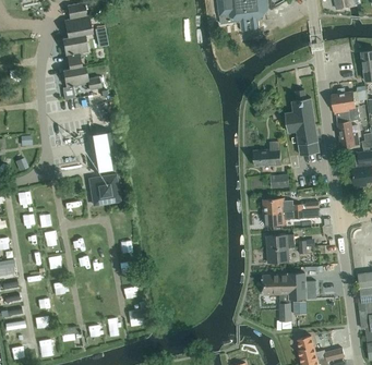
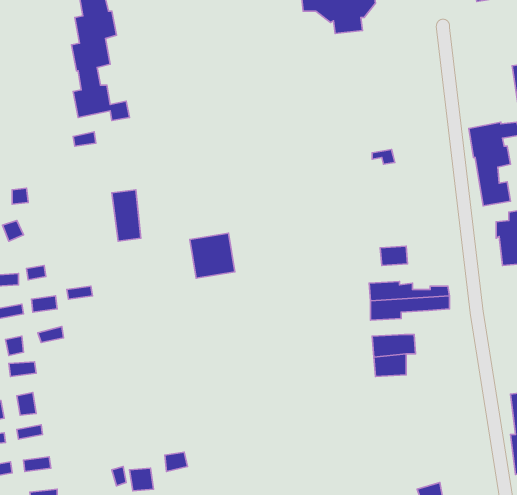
building: [285,89,320,155] -> none
building: [254,142,283,166] -> none
building: [89,174,120,205] -> [190,233,235,278]
building: [263,272,316,320] -> none

